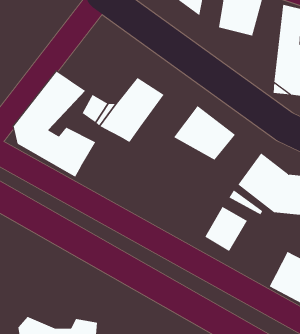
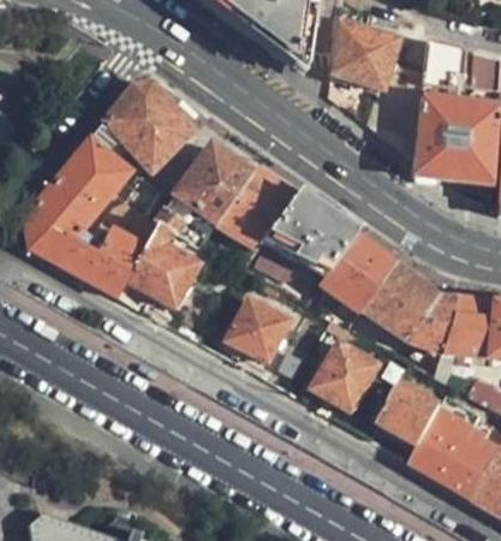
building: none -> [88,84,196,167]
building: none -> [215,170,296,251]
building: none -> [126,226,192,307]
building: none -> [320,236,394,310]
building: none -> [222,299,284,361]
building: none -> [376,385,436,445]

